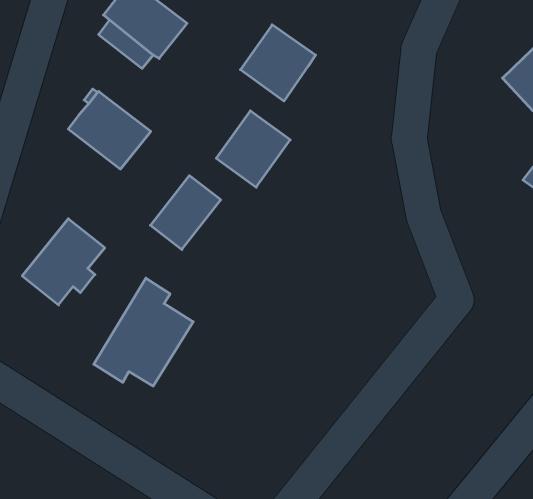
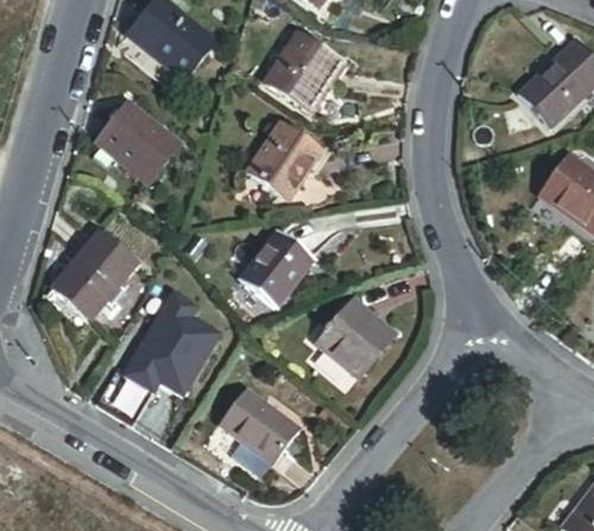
building: [150,176,221,250] -> [247,232,316,304]
building: none -> [318,301,392,373]
building: none -> [221,388,298,462]

